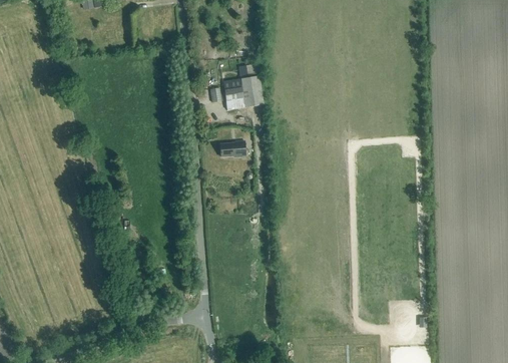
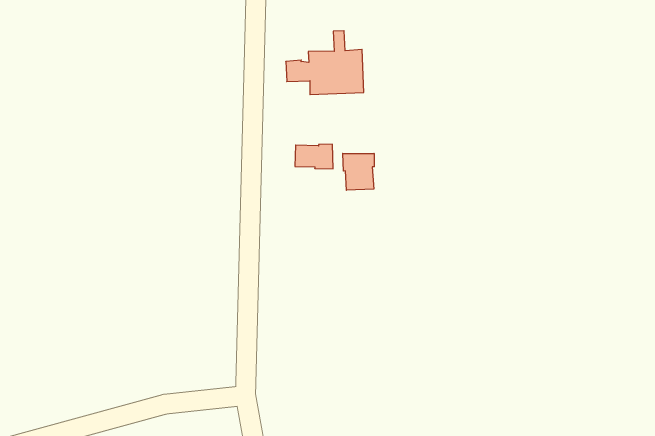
building: none -> [343,153,374,190]

